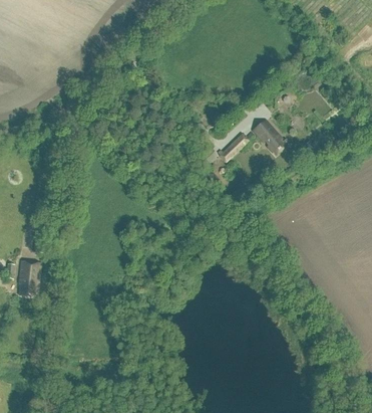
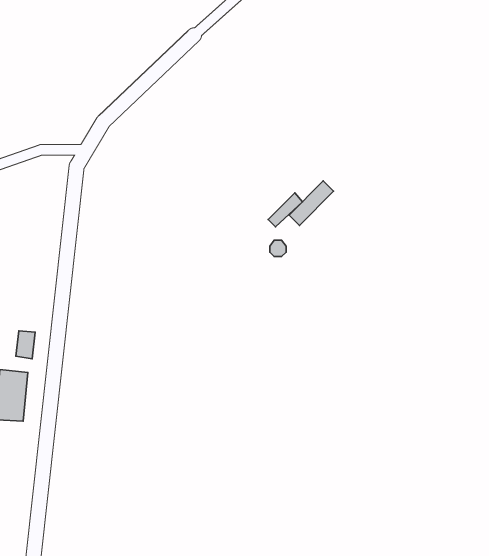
building: [253,119,290,154] -> none

